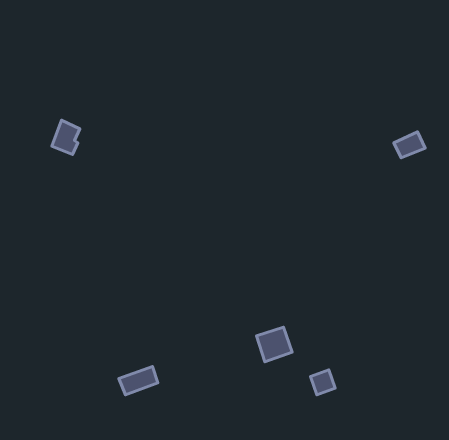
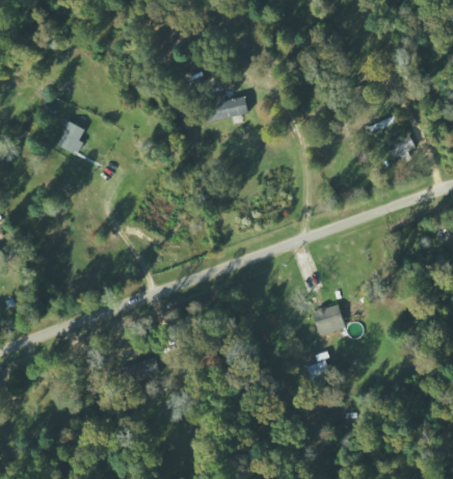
building: none -> [216,97,247,119]
building: [256,327,292,362] -> [311,303,345,337]

